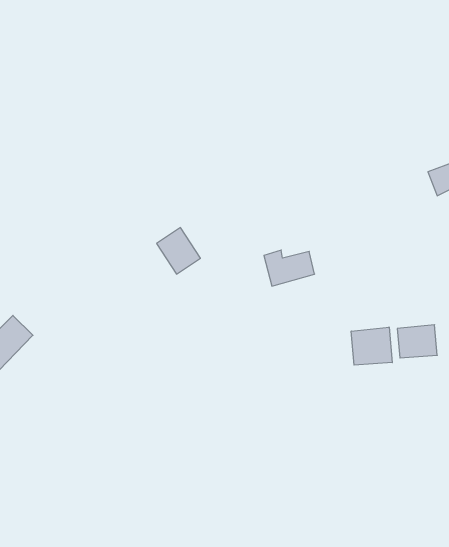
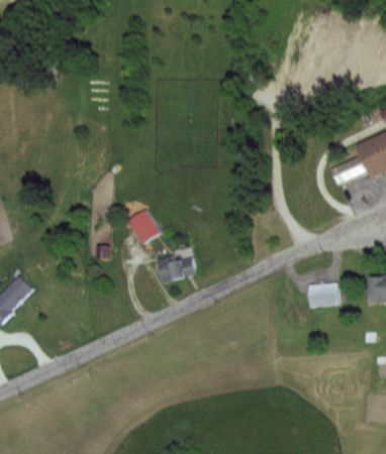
building: [264,250,315,286] -> [157,255,195,282]
building: [351,327,392,365] -> none

